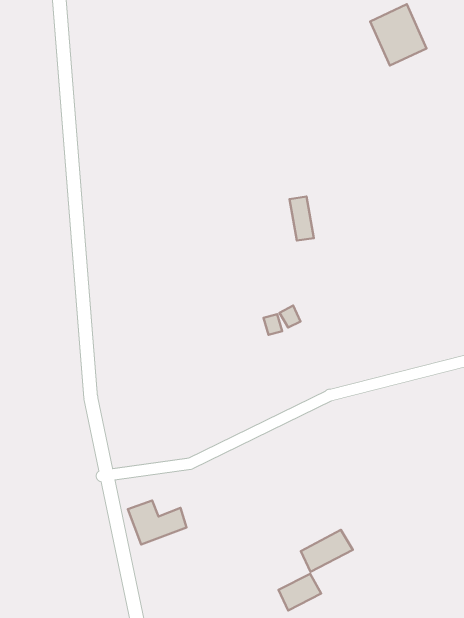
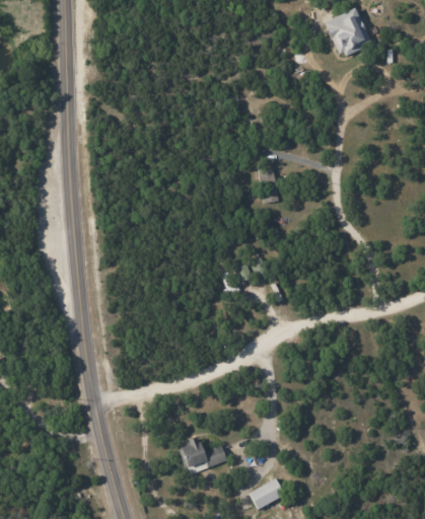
building: [128,501,187,545] -> [178,437,226,473]
building: [301,530,353,572] -> none

